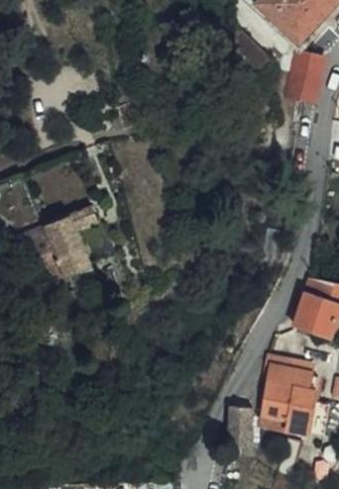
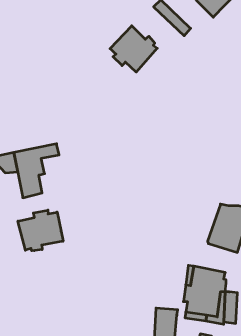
building: [289,56,326,99] -> none
building: none -> [110,26,157,72]
building: none -> [18,210,63,251]

